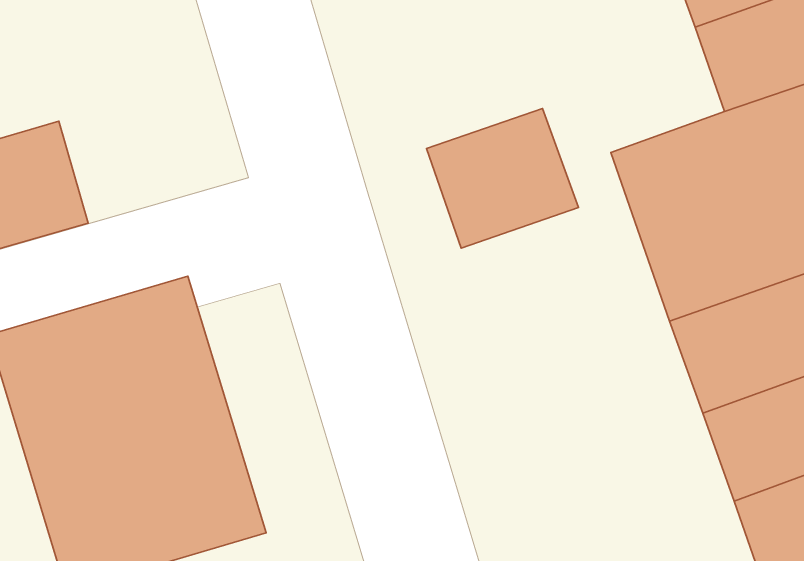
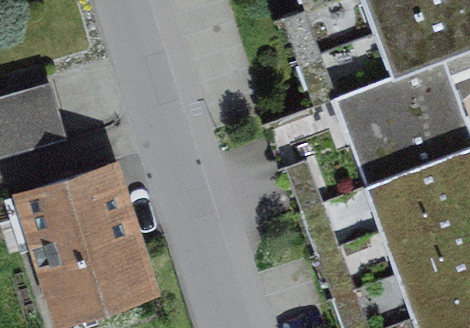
building: [427,109,578,248] -> none

